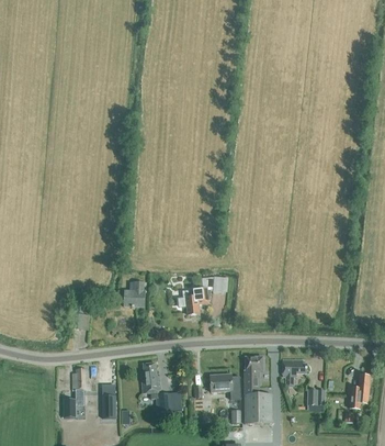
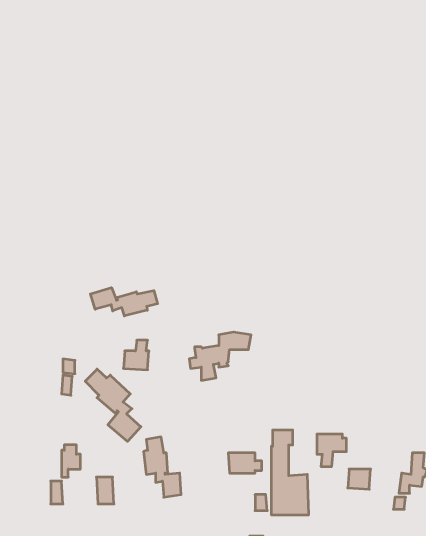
building: none -> [90,288,158,316]
building: none -> [85,369,141,441]

